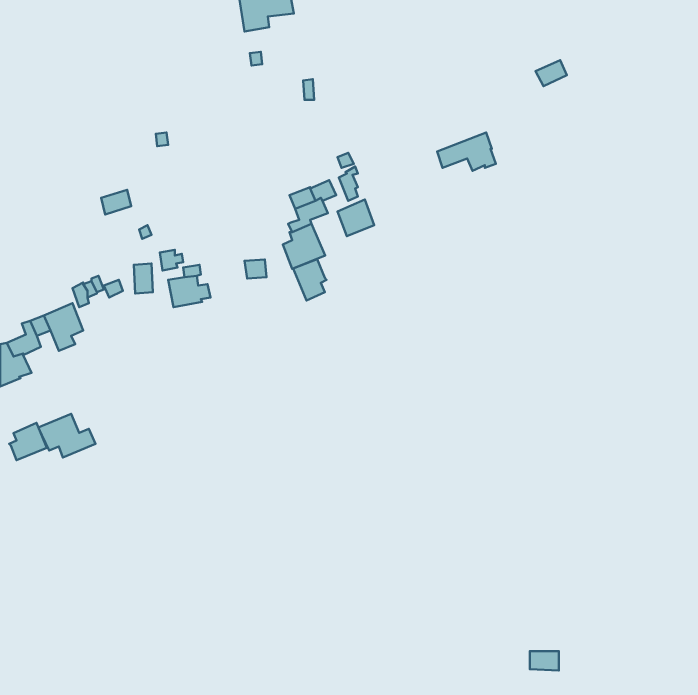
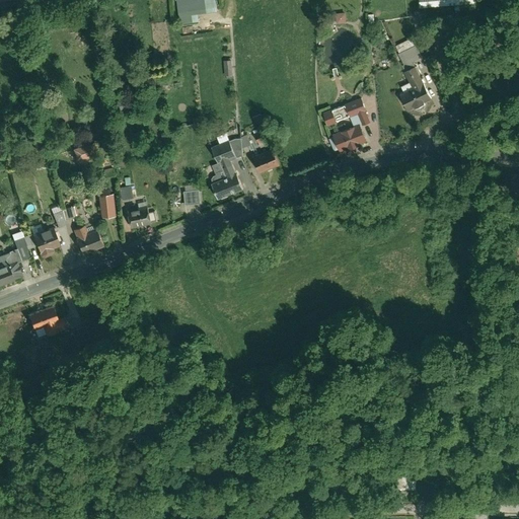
building: none -> [397,65,431,110]
building: none -> [324,123,367,152]
building: [293,259,327,301] -> none
building: none -> [75,225,103,254]
building: [9,423,47,460] -> none

